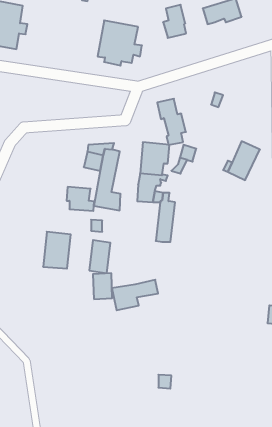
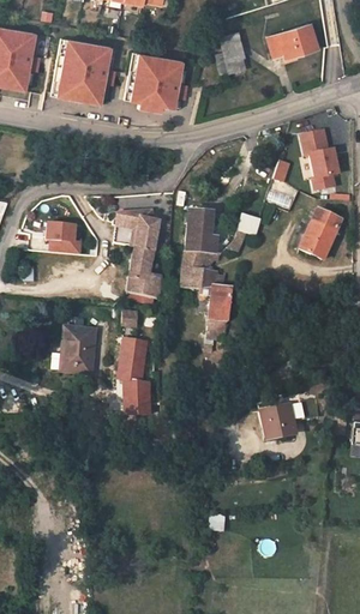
building: none -> [56,38,116,103]
building: [157,99,186,145] -> [301,130,338,189]
building: [67,187,94,211] -> [46,222,82,253]
building: [112,280,158,310] -> [260,398,320,438]

